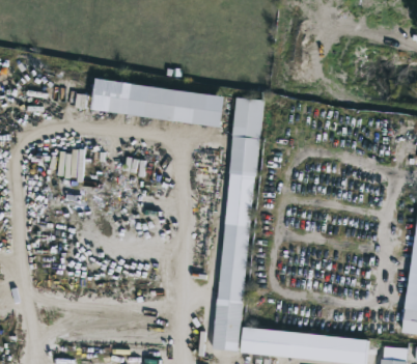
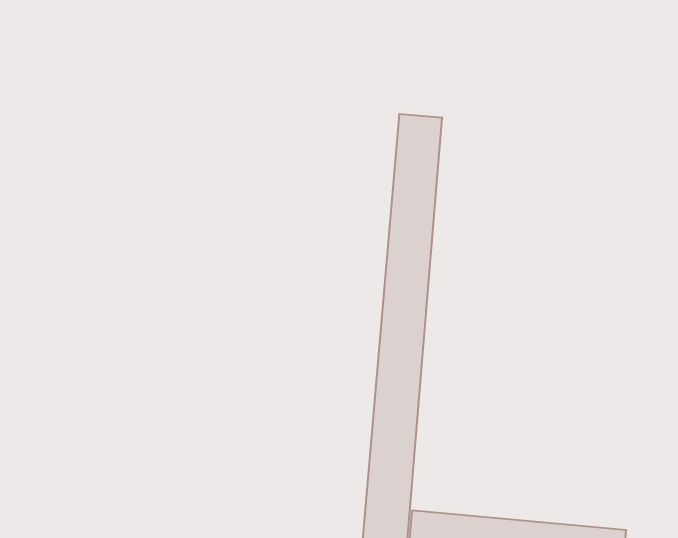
building: [90,79,224,127] -> none

